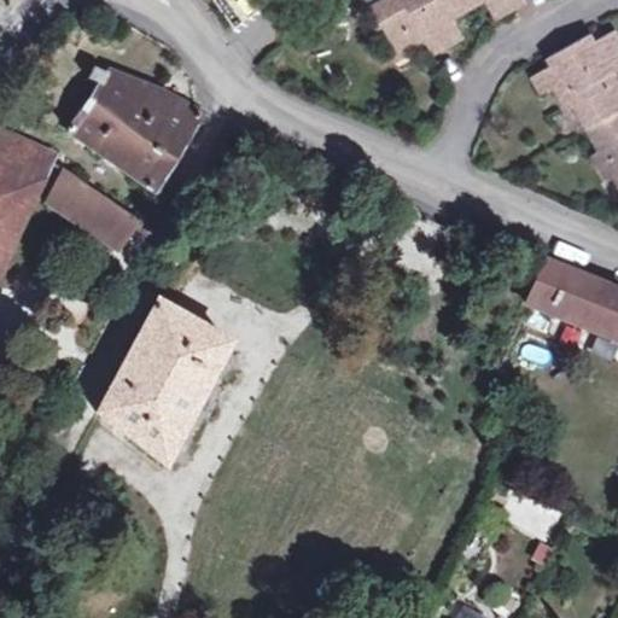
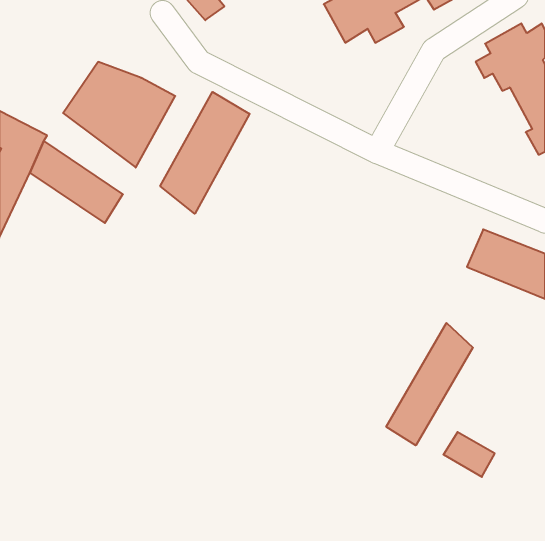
building: none -> [160,92,250,214]
building: [99,301,232,462] -> none
building: none -> [386,323,473,445]

